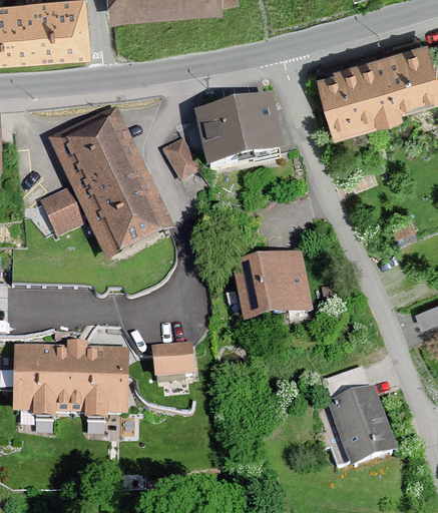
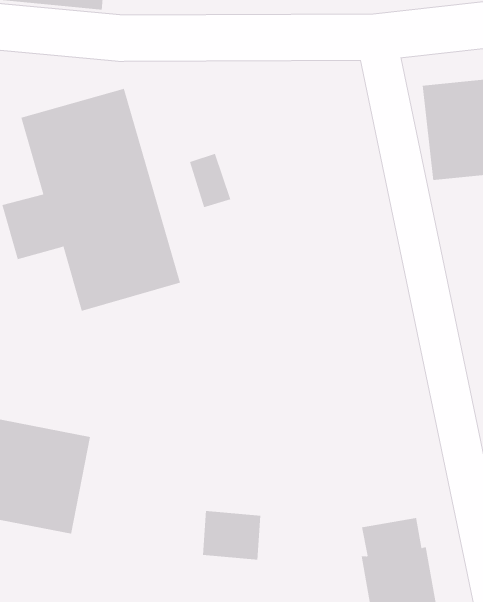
building: [195,86,285,158] -> none
building: [234,243,311,313] -> none
building: [151,345,193,379] -> [202,511,261,560]

